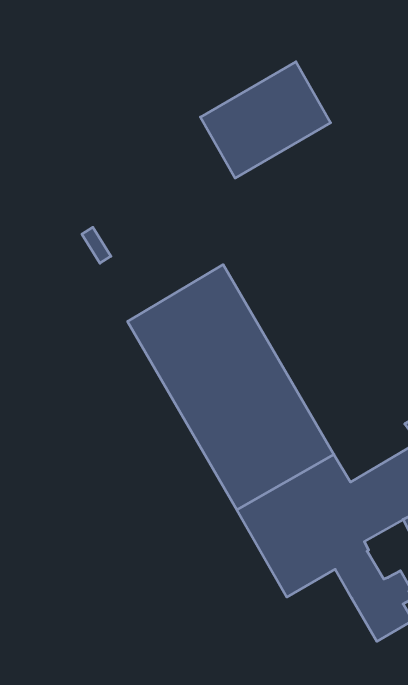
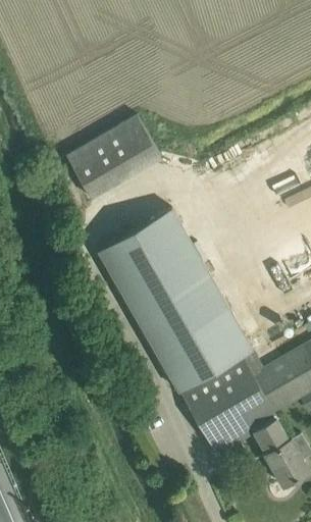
building: [200,62,331,178] -> [65,115,161,201]

